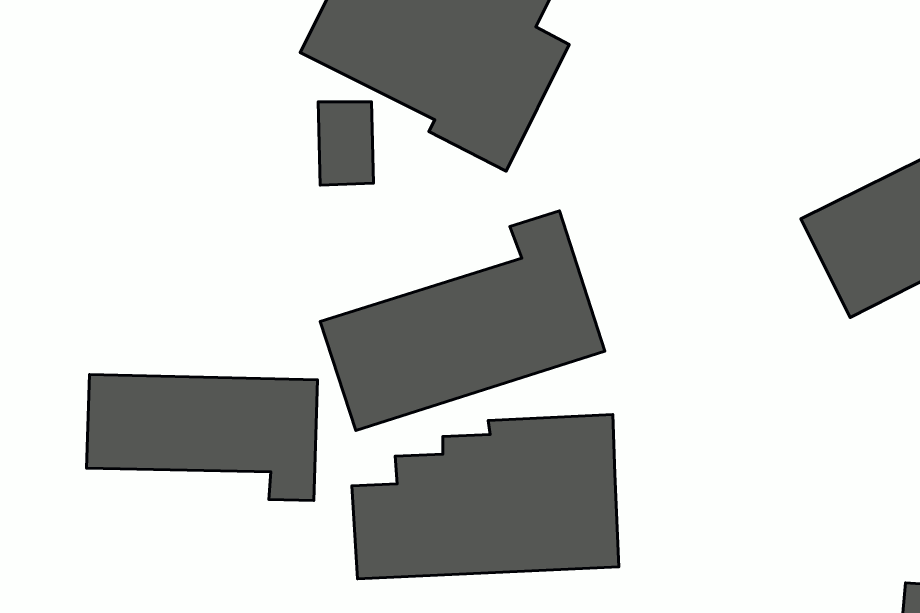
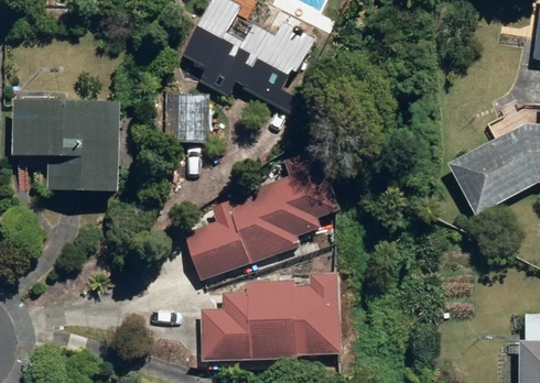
building: none -> [11,97,126,194]
building: [87,375,317,501] -> none

